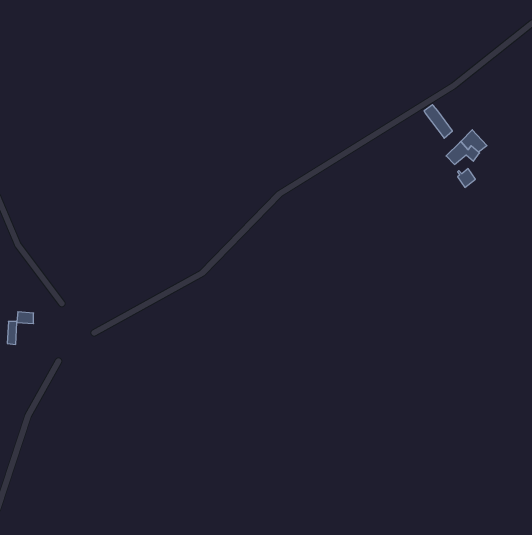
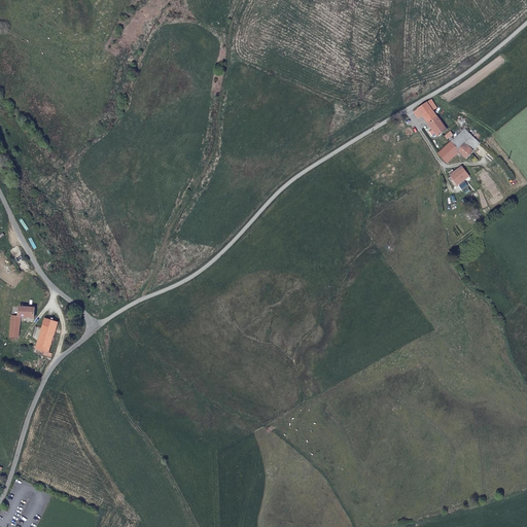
building: none -> [33,318,57,357]

